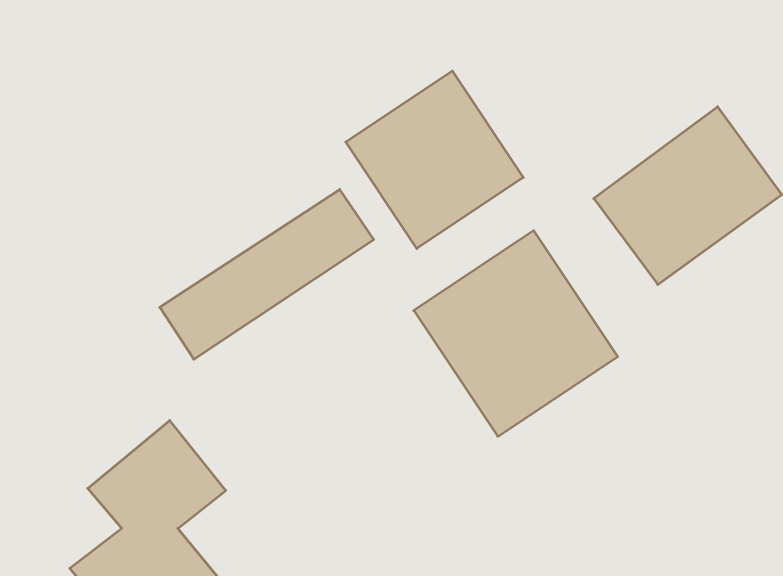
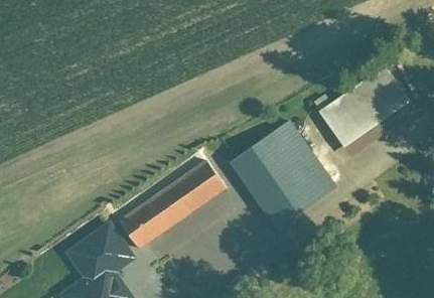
building: [346,71,523,249] -> none
building: [160,189,374,359] -> [122,160,230,246]

